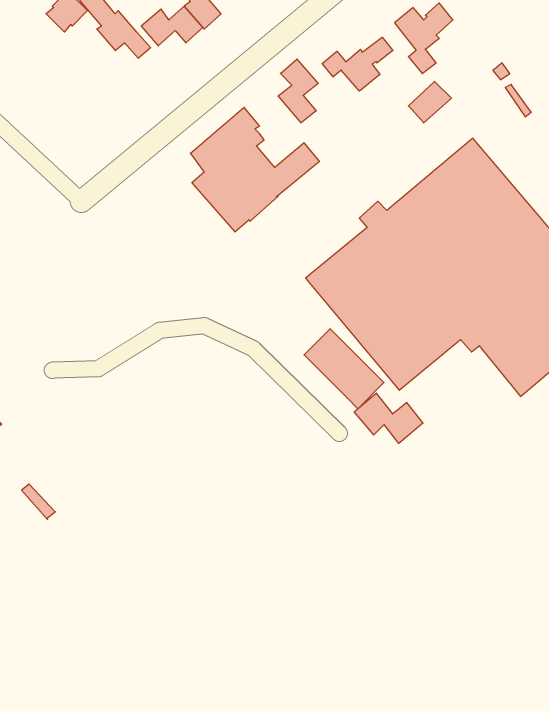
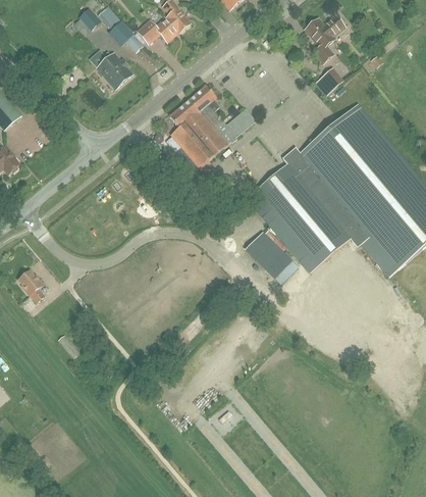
building: [322,37,393,91] -> none
building: none -> [89,48,131,89]
building: [278,59,318,123] -> none
building: [354,393,423,443] -> none

